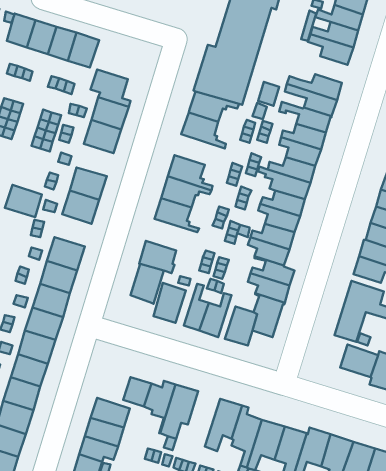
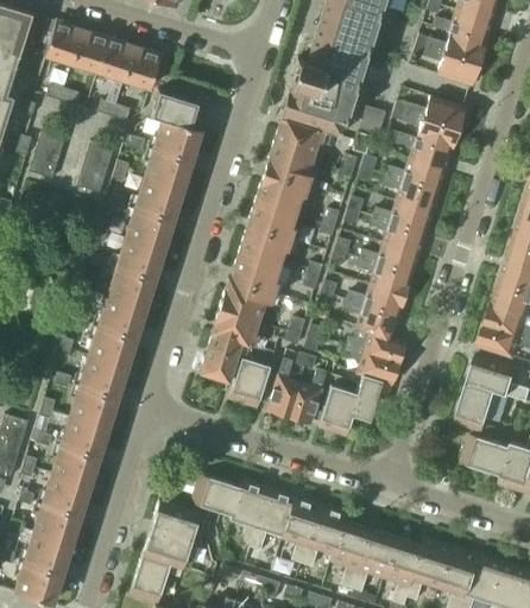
building: none -> [255,172,318,210]
building: none -> [133,184,179,224]
building: [5,185,42,217] -> [106,272,152,312]
building: none -> [220,278,284,317]
building: none -> [272,493,313,562]

